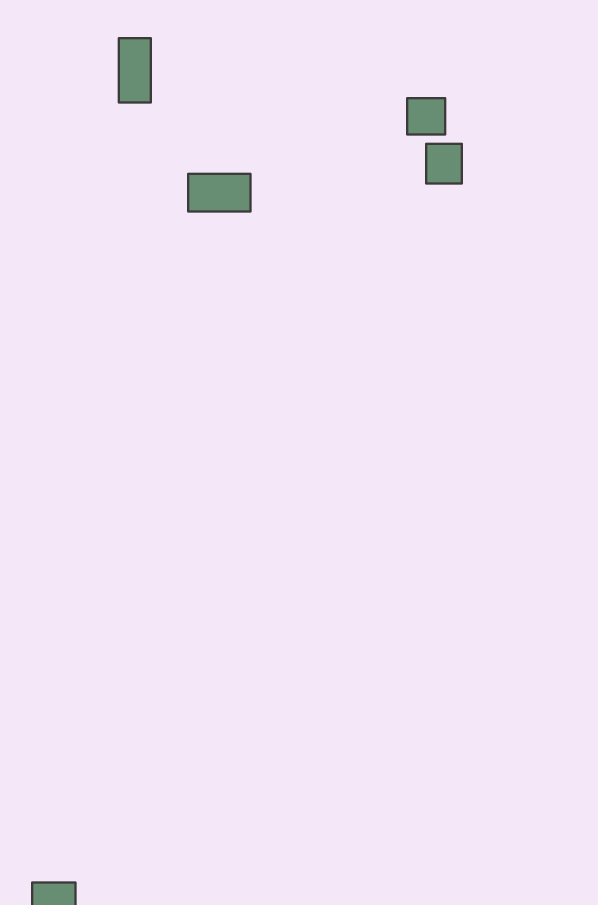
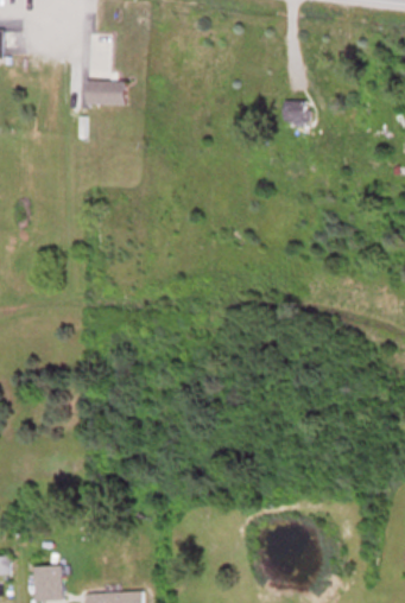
building: [407,98,445,134] -> none
building: [188,174,250,212] -> [86,80,125,103]

